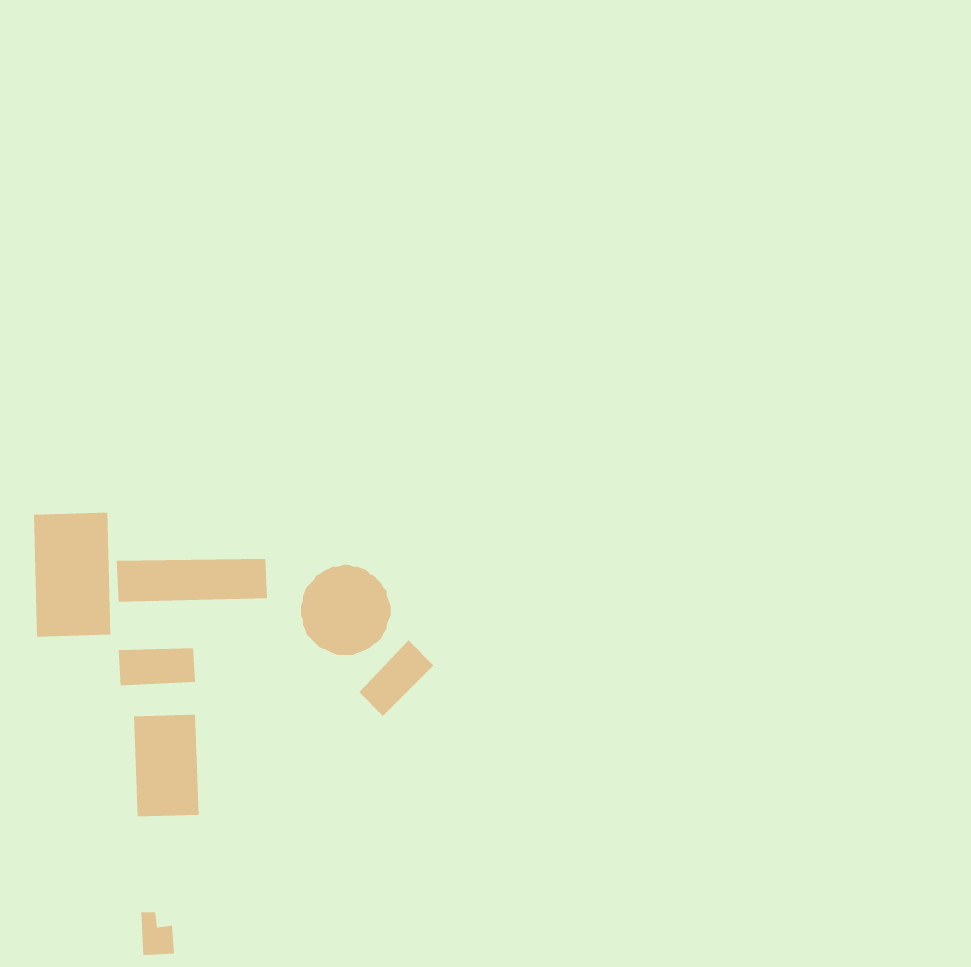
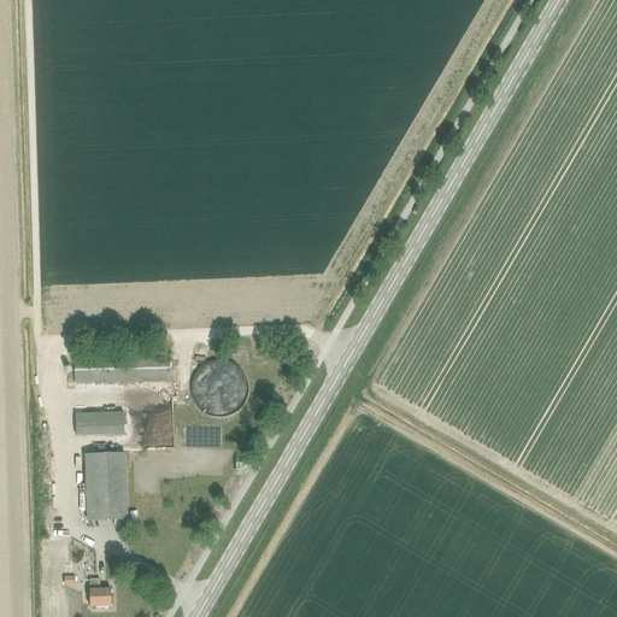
building: [33,512,111,638] -> none
building: [358,639,434,717] -> none

